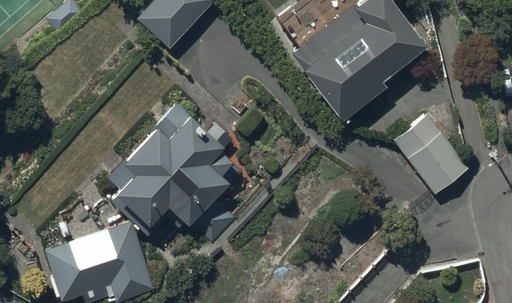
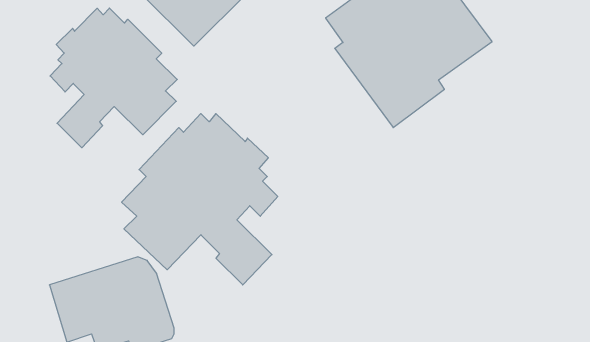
building: none -> [50,8,177,148]
building: [393,115,468,197] -> none

